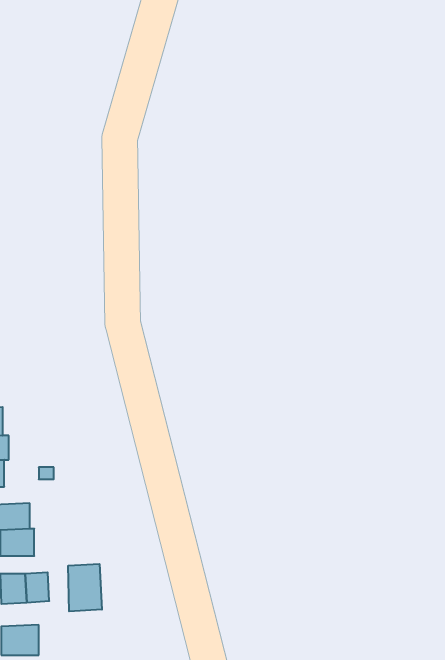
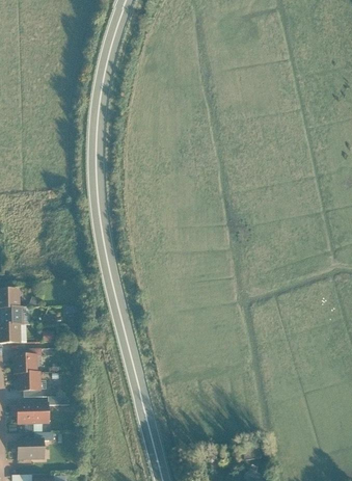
building: [68,564,102,611] -> none

